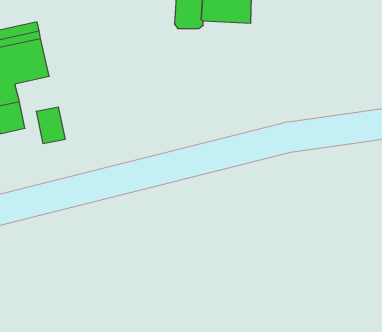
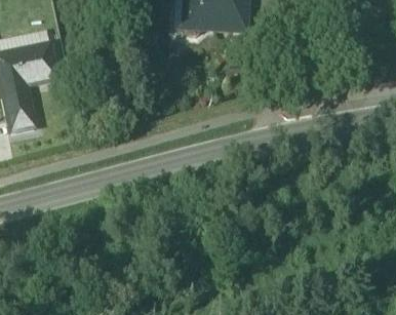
building: [36,107,65,144] -> none

